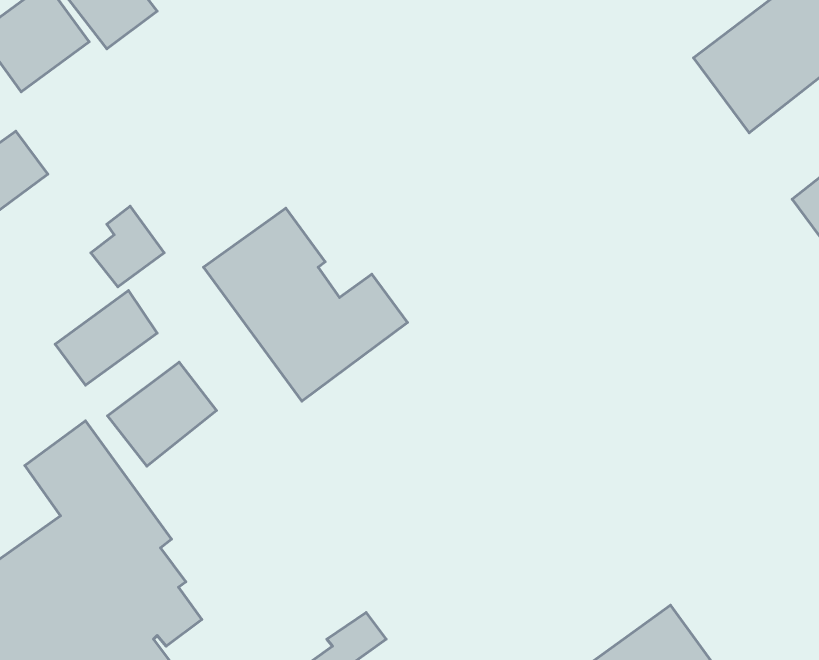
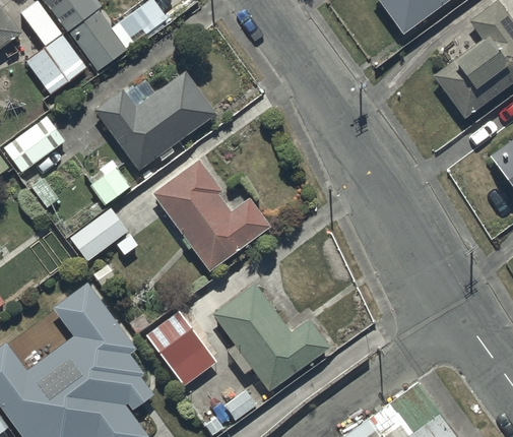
building: none -> [94,65,217,171]
building: [108,362,217,466] -> [145,305,207,364]
building: none -> [213,283,330,391]

